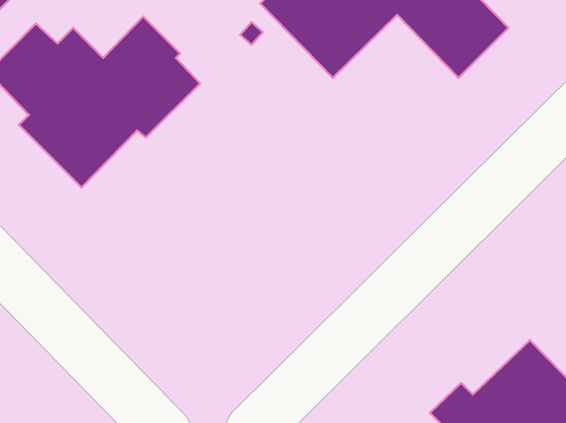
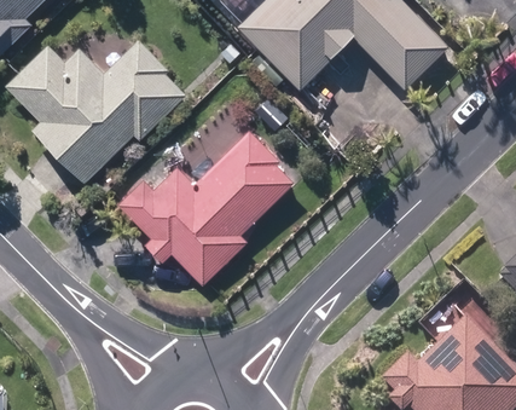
building: none -> [118,133,294,288]

